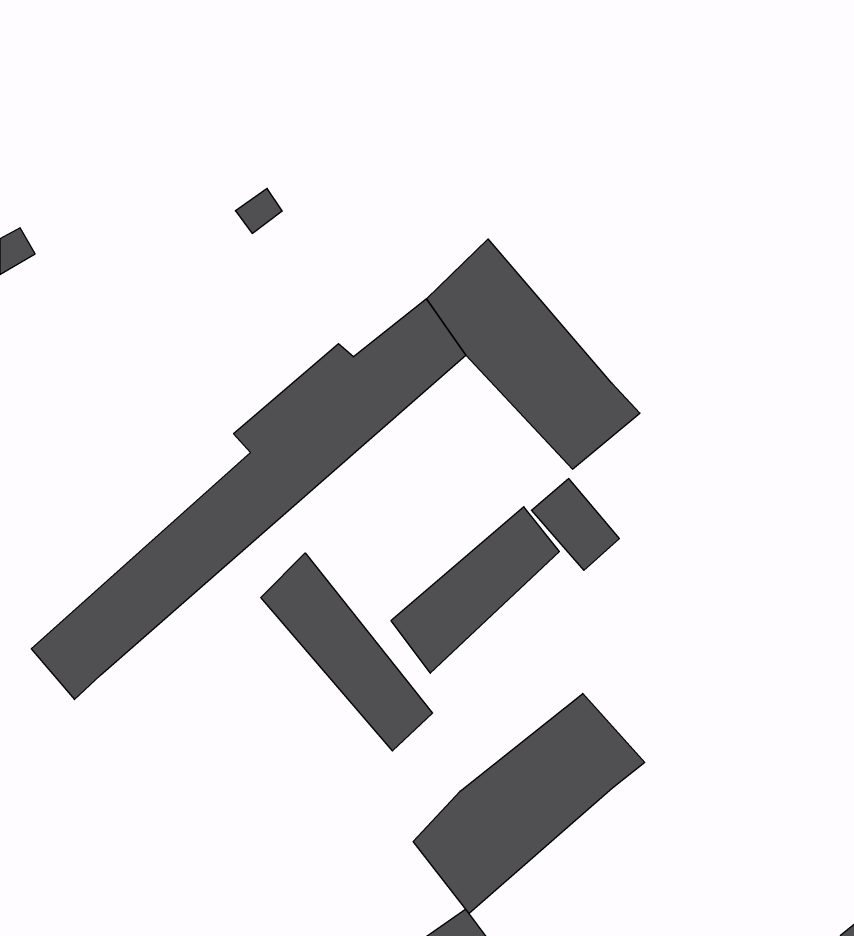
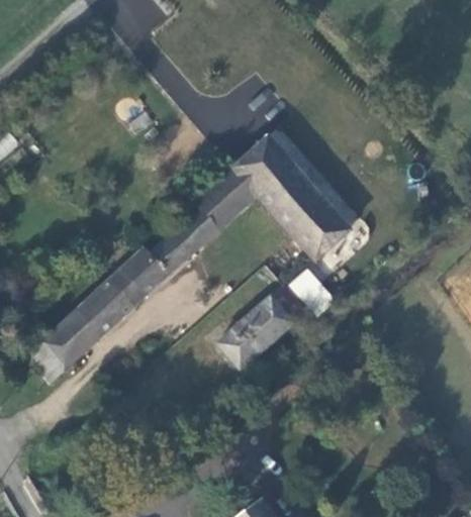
building: [261,553,433,751] -> none
building: [413,693,645,913] -> none

